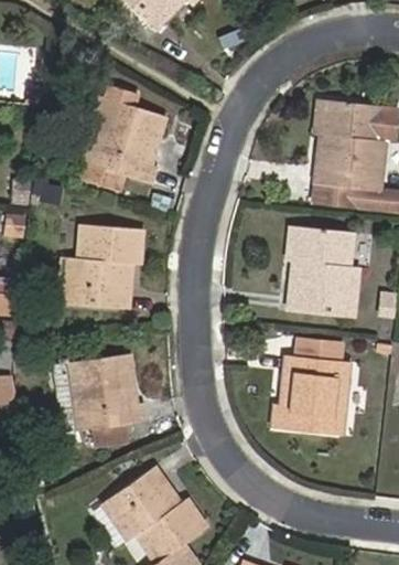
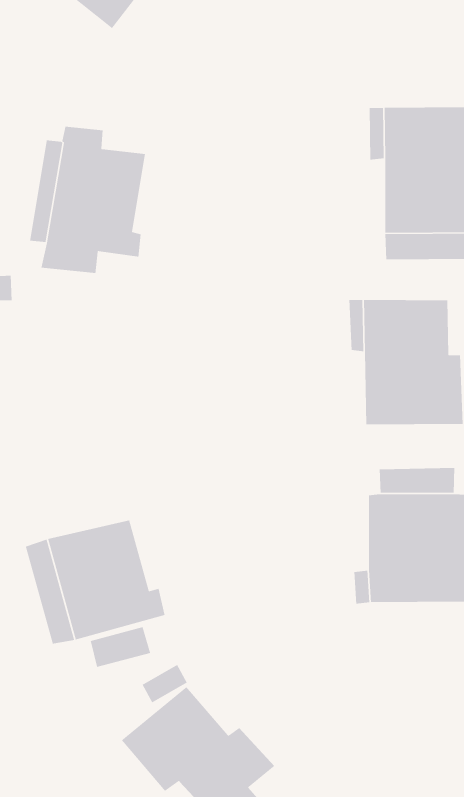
building: [66,224,140,307] -> none

